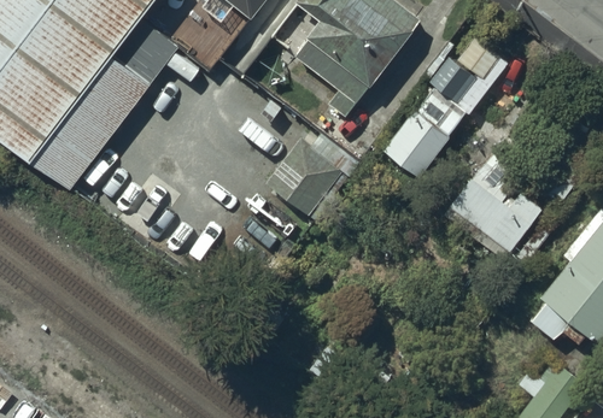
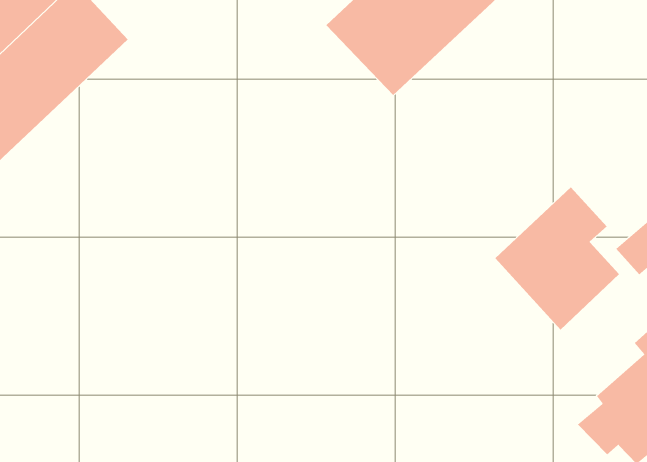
building: [435,37,503,108] -> none
building: [384,93,462,181] -> none
building: [267,135,359,216] -> none

